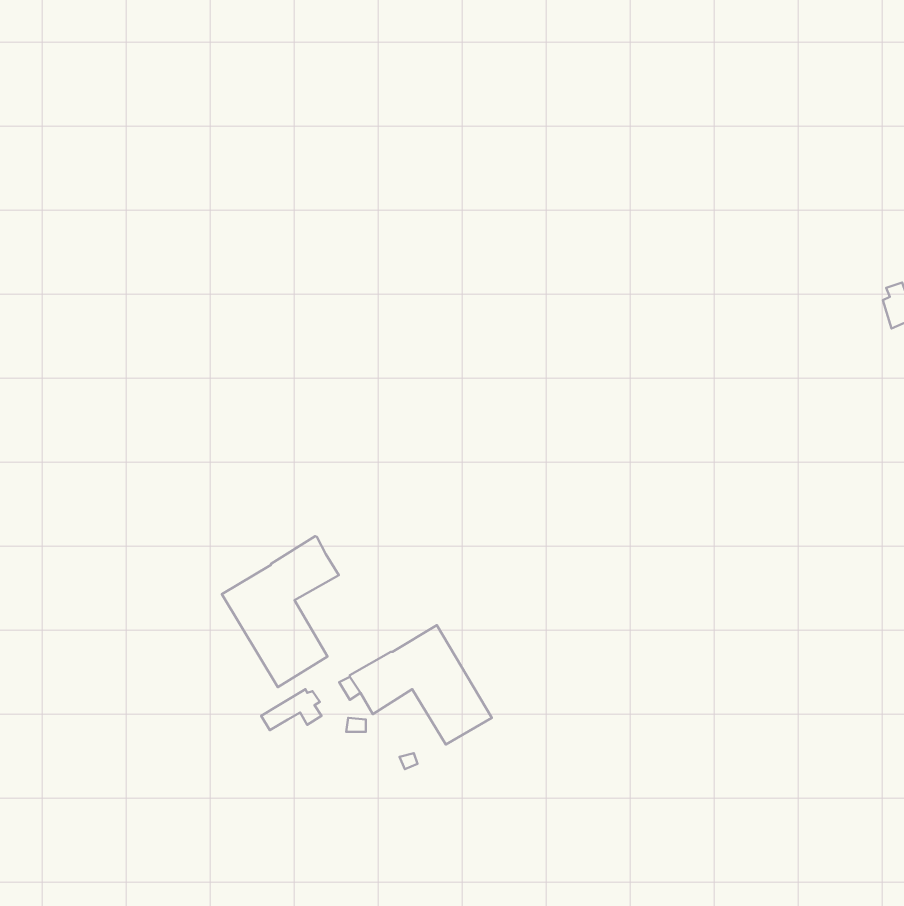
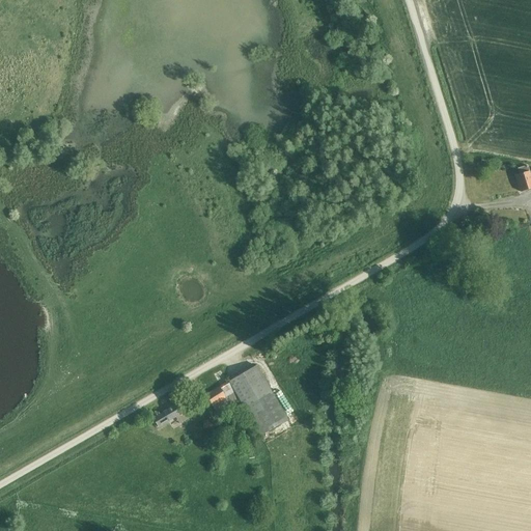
building: [222,536,339,687] -> none

